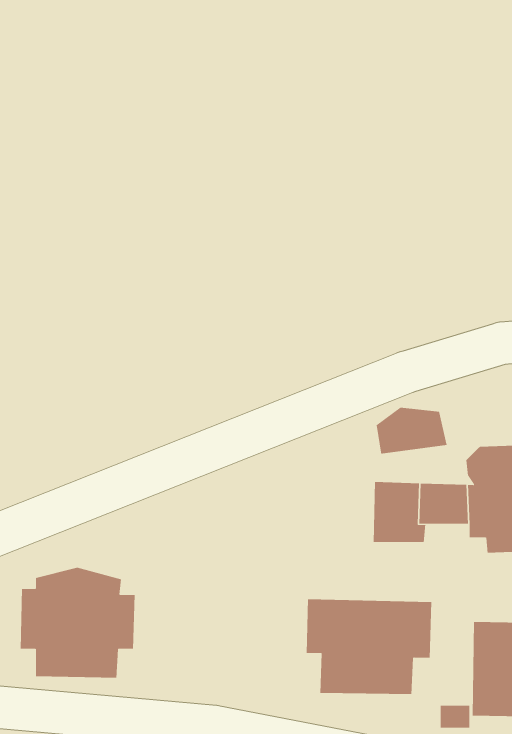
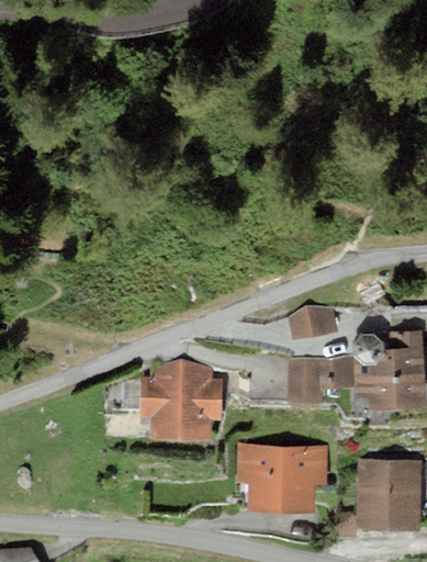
building: [20,567,136,678] -> [139,359,223,439]

